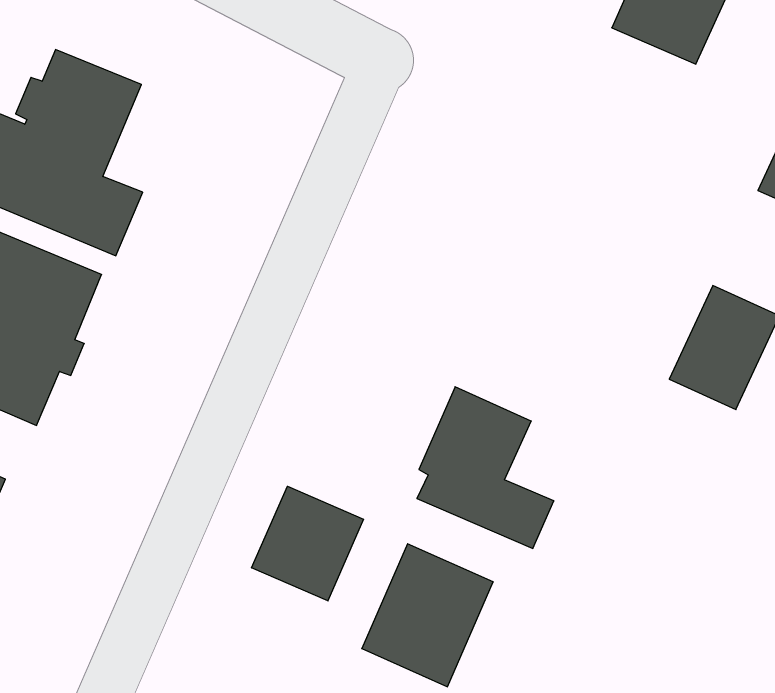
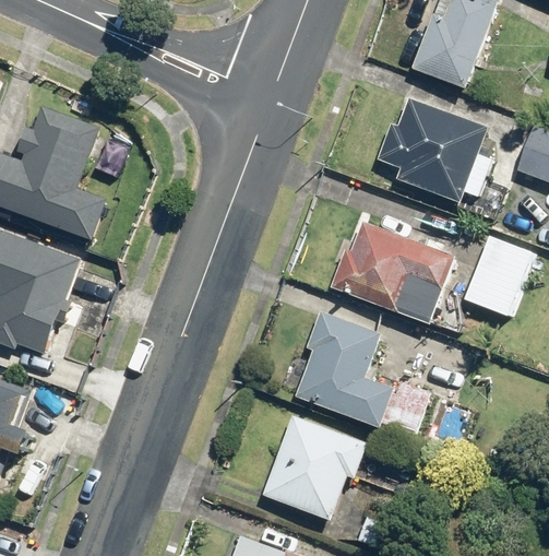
building: none -> [377,97,491,201]
building: none -> [330,216,458,315]
building: [252,486,364,601] -> none

